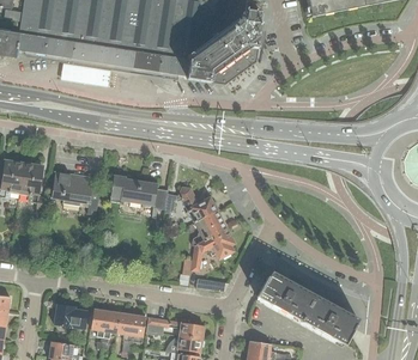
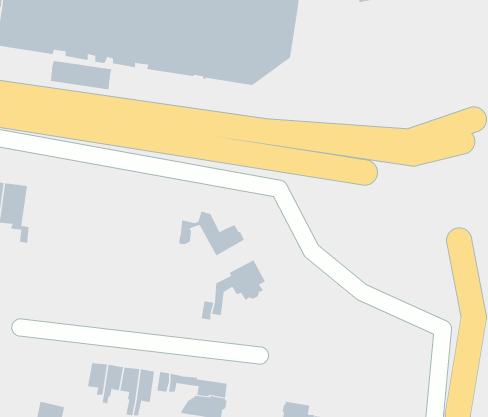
building: [50,171,99,214] -> none
building: [109,176,166,216] -> none
building: [192,209,225,244] -> none
building: [256,271,357,347] -> none
building: [53,303,87,328] -> none

